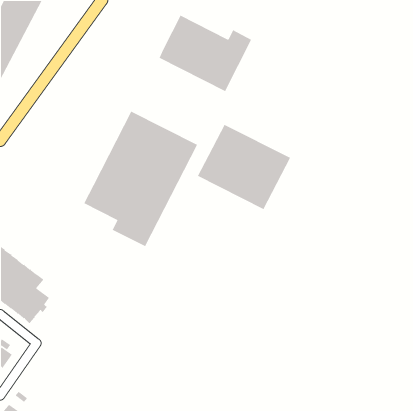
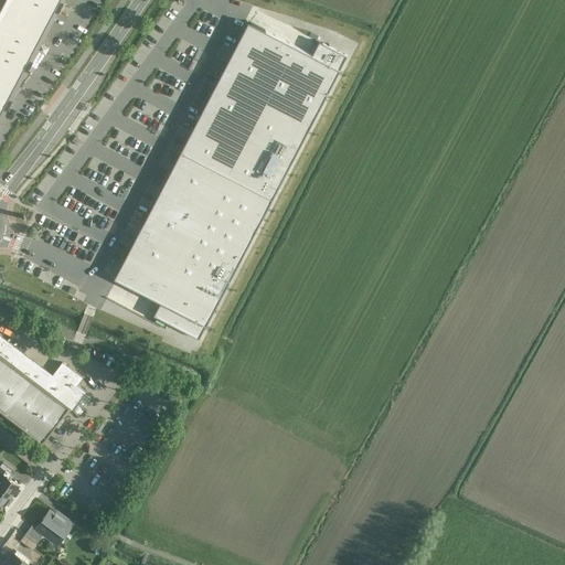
building: [197,124,291,210] -> [179,82,308,200]
building: none -> [51,364,85,412]
building: none -> [35,510,73,545]

